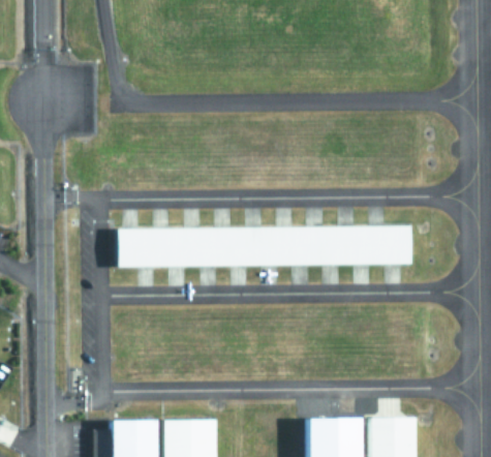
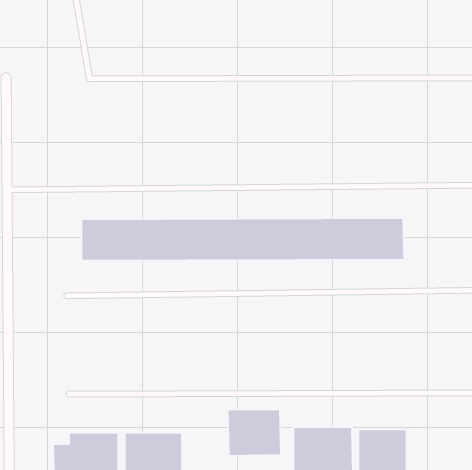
building: none -> [228,410,281,456]

